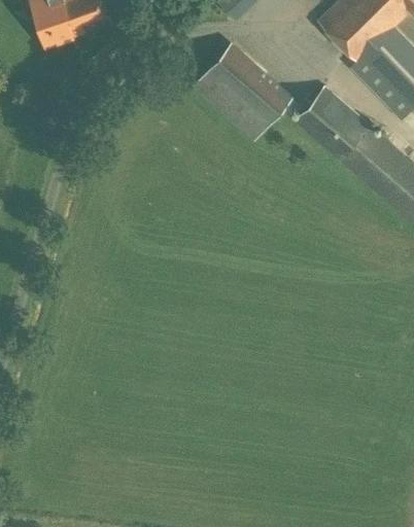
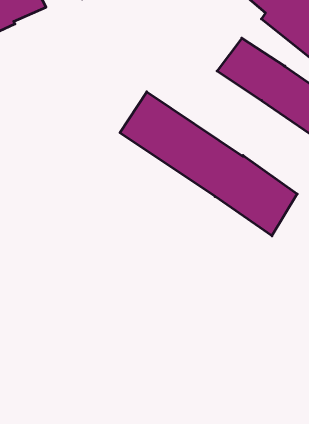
building: [191,41,292,141] -> none
building: none -> [120,92,297,236]

